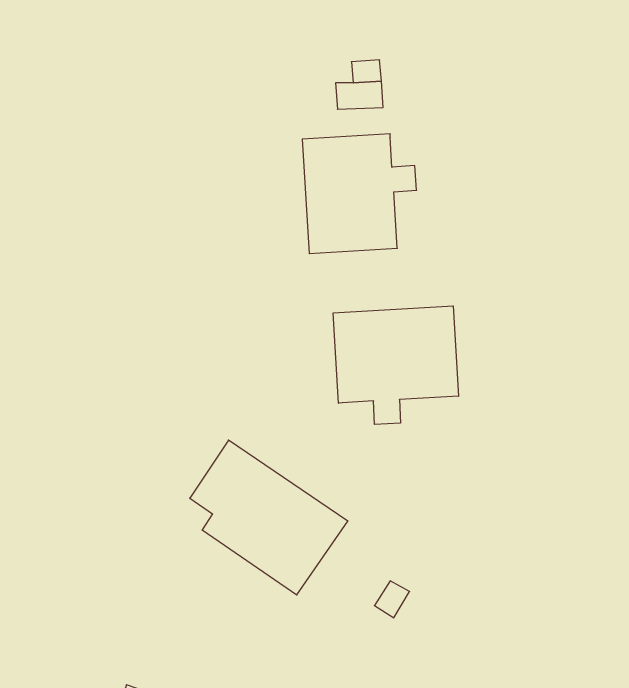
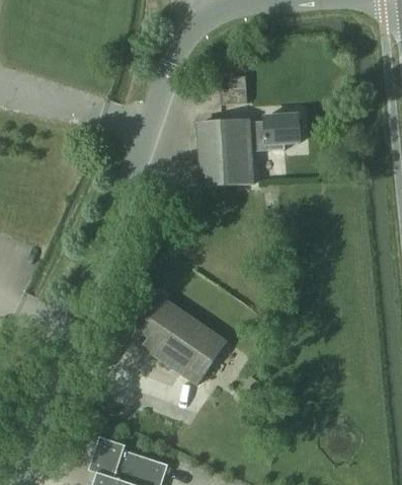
building: none -> [250,114,299,150]
building: [333,306,459,424] -> none

